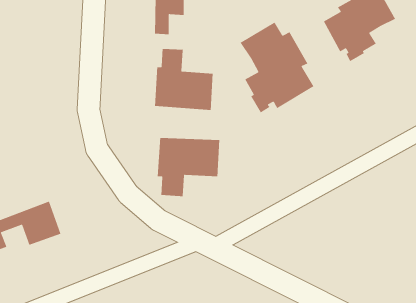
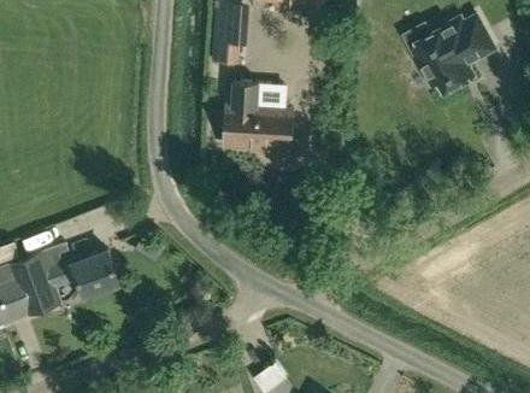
building: [240,21,314,114] -> none
building: [157,137,220,197] -> none

